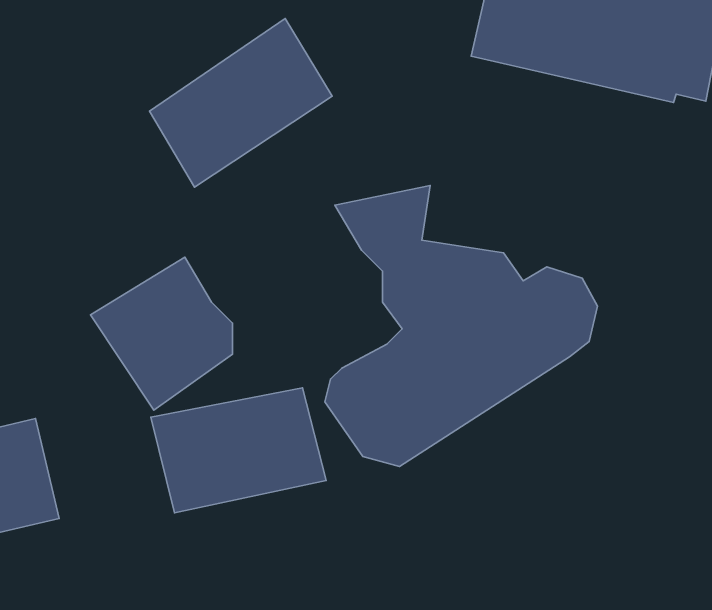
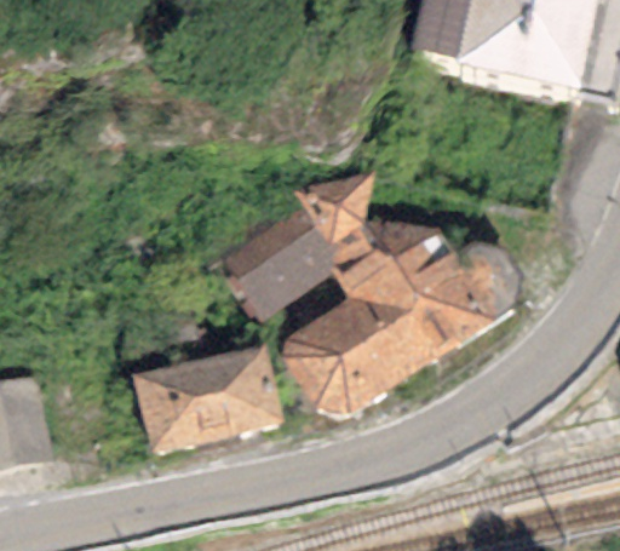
building: [149,18,332,187] -> none
building: [91,257,233,410] -> [209,188,332,320]

